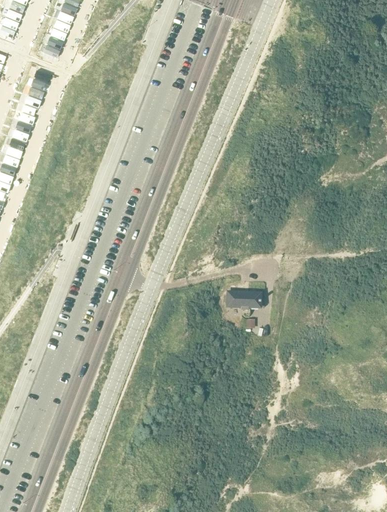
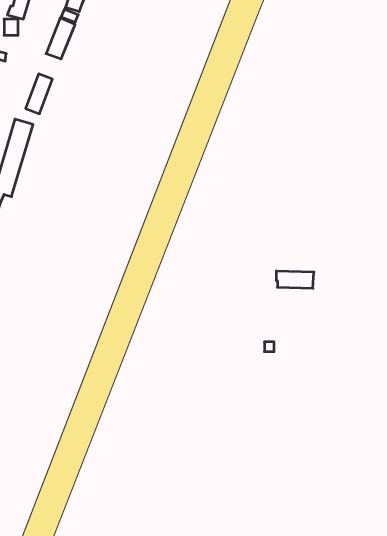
building: [228,290,263,306] -> [276,271,314,288]

